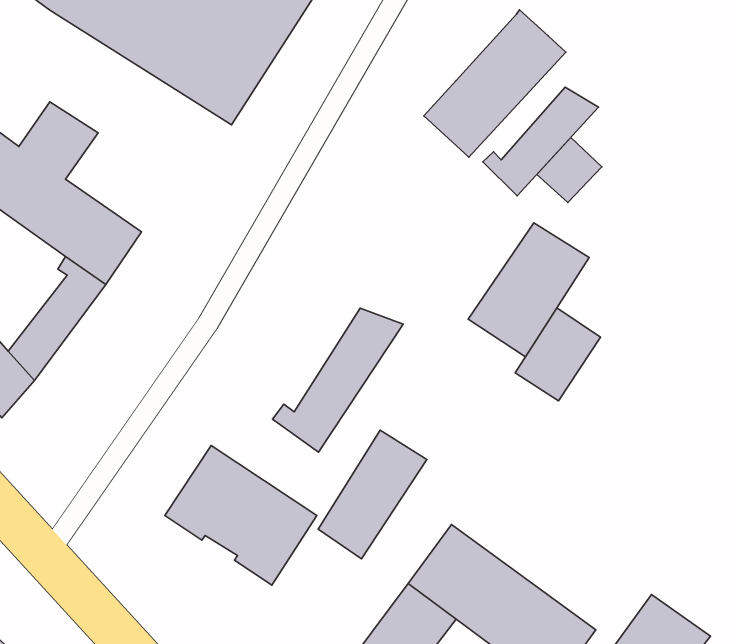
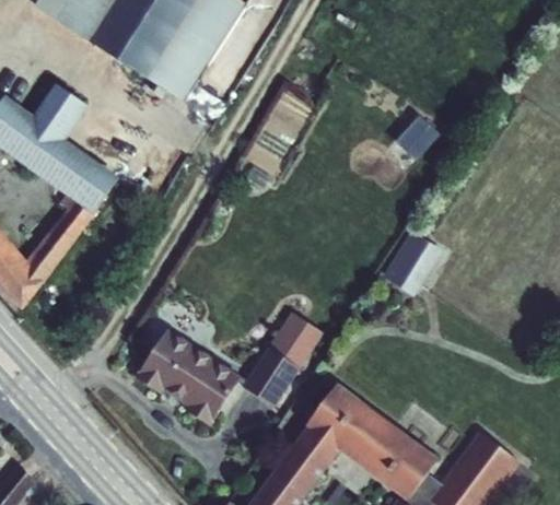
building: [424,10,566,157] -> none
building: [483,87,599,196] -> none
building: [468,223,589,357] -> none
building: [273,308,403,452] -> none

